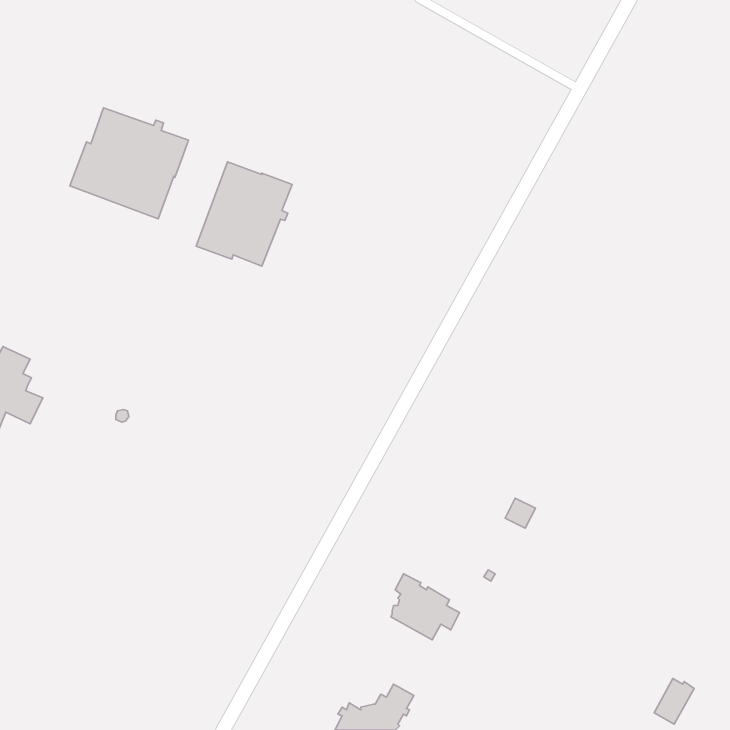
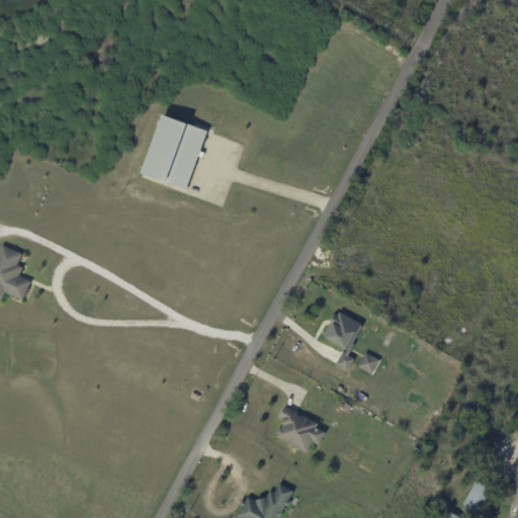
building: [70,108,189,219] -> none
building: none -> [324,312,362,371]

